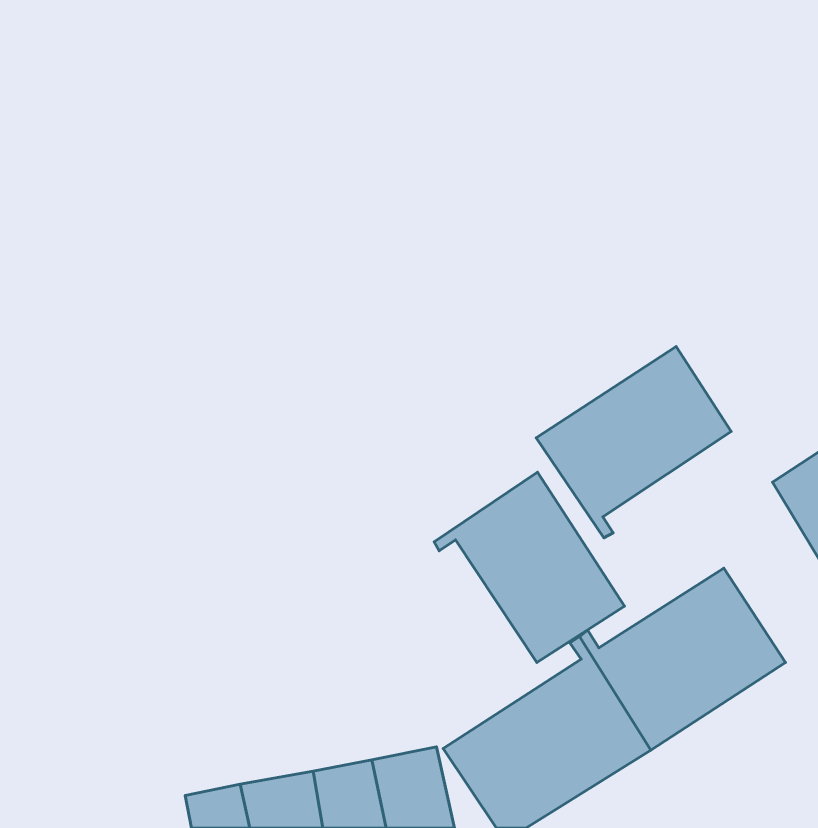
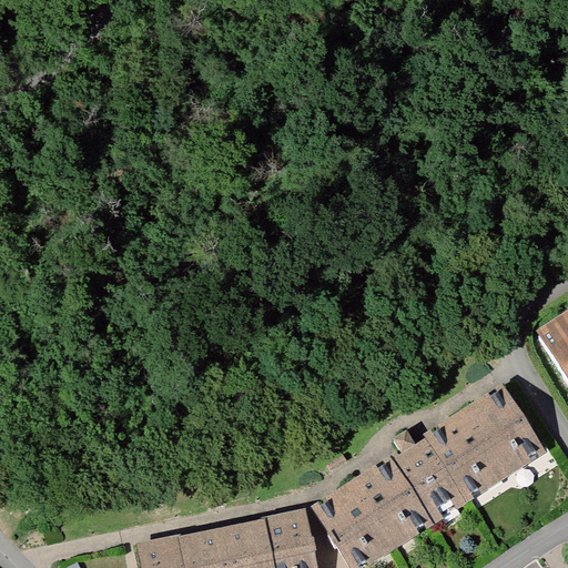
building: [536,346,731,538] -> none
building: [434,472,625,663] -> none

